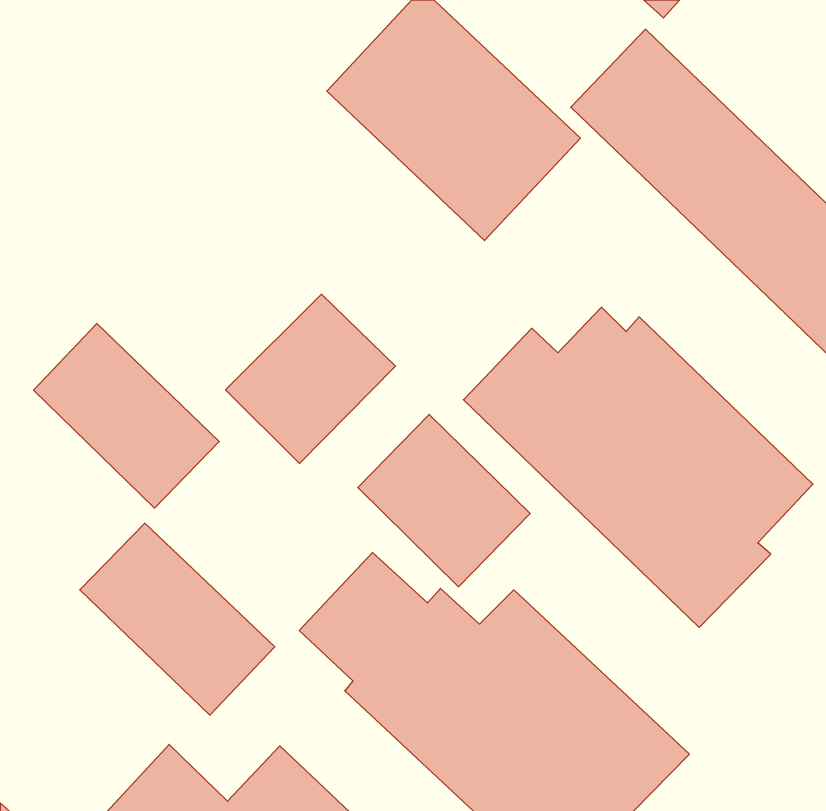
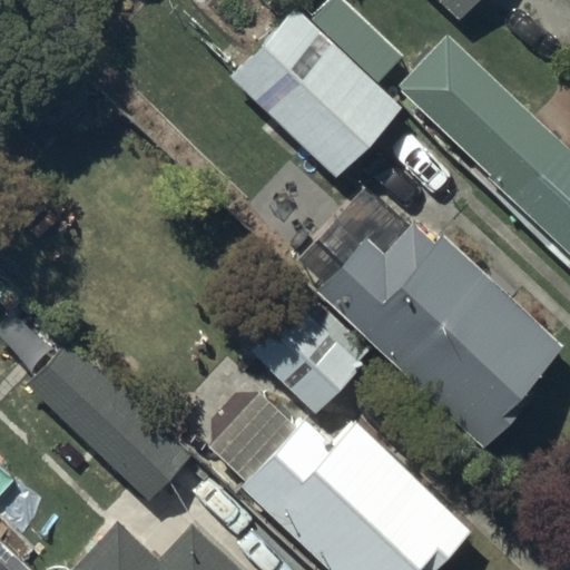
building: [226,294,395,463] -> none
building: [34,324,219,508] -> none

